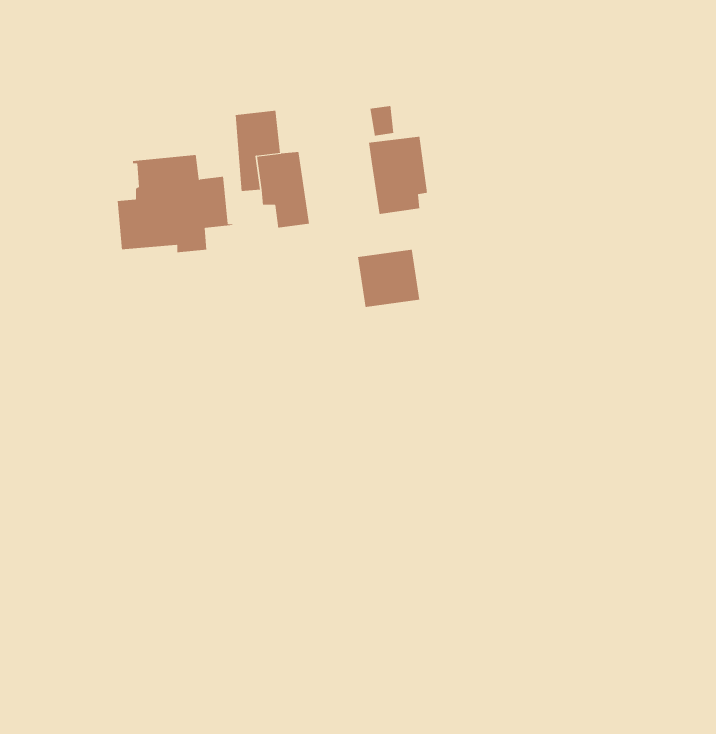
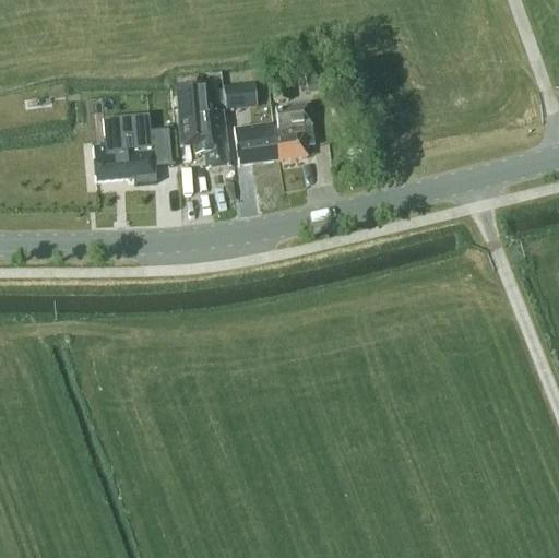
building: none -> [219,83,255,107]
building: [357,249,420,308] -> [235,121,280,163]

